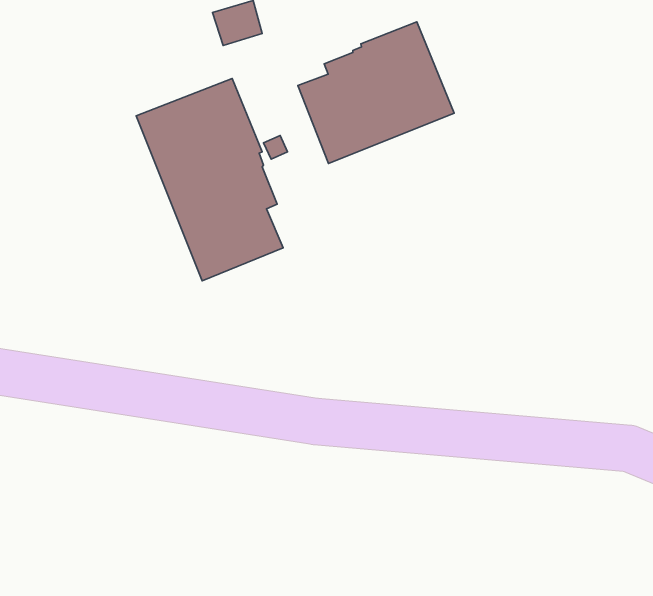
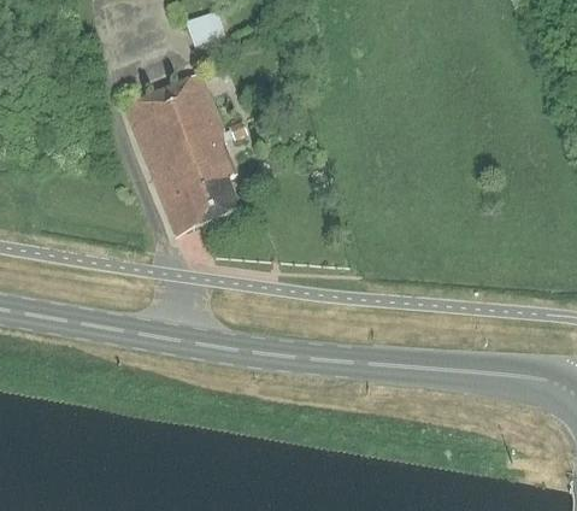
building: [298,22,454,163] -> none

